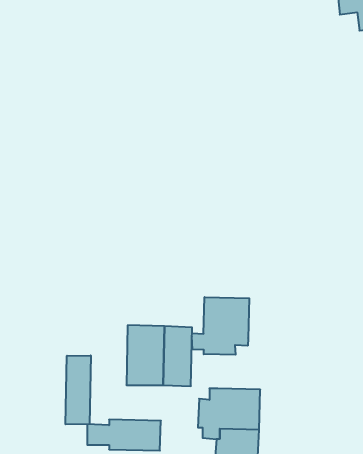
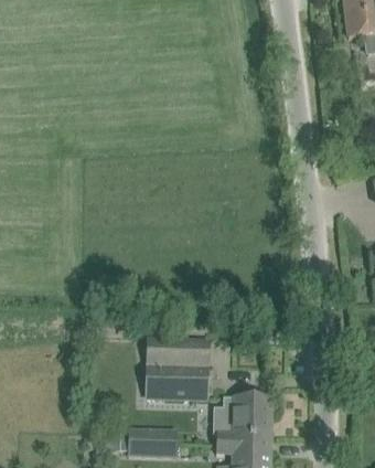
building: [192,297,249,355] -> none
building: [66,355,91,424] -> none

